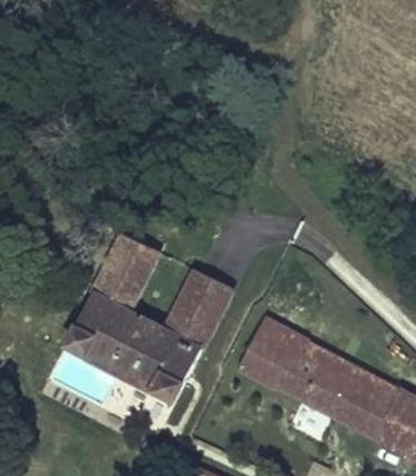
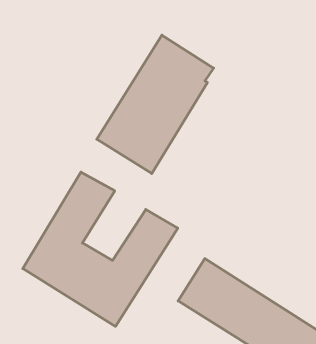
building: none -> [97,35,214,174]

